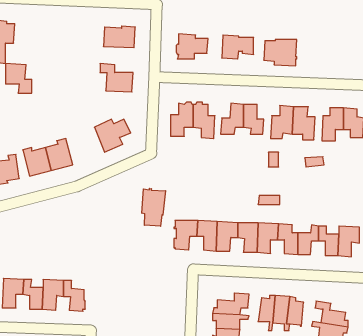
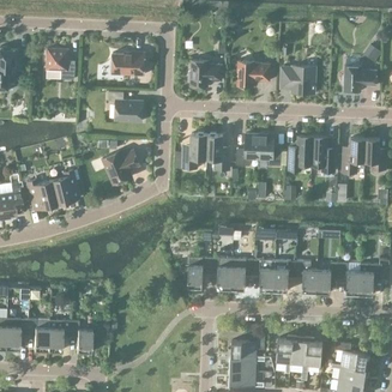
building: none -> [343,66,378,91]
building: [6,64,32,93] -> [48,48,76,79]
building: [142,188,166,226] -> none

